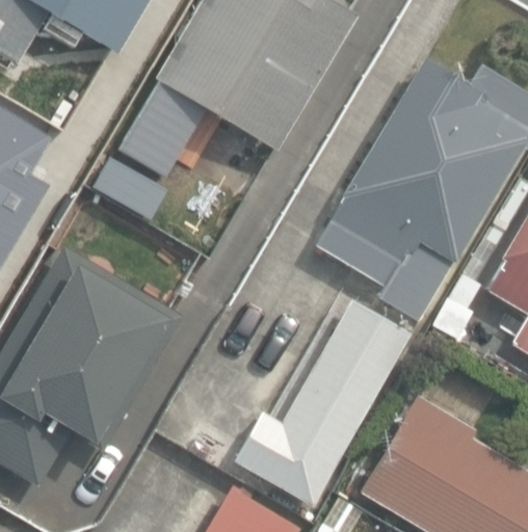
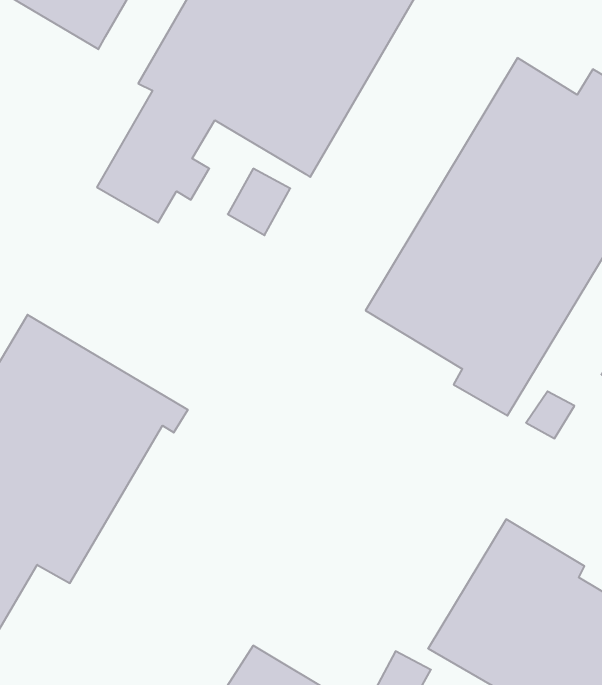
building: [233,296,415,509] -> none

